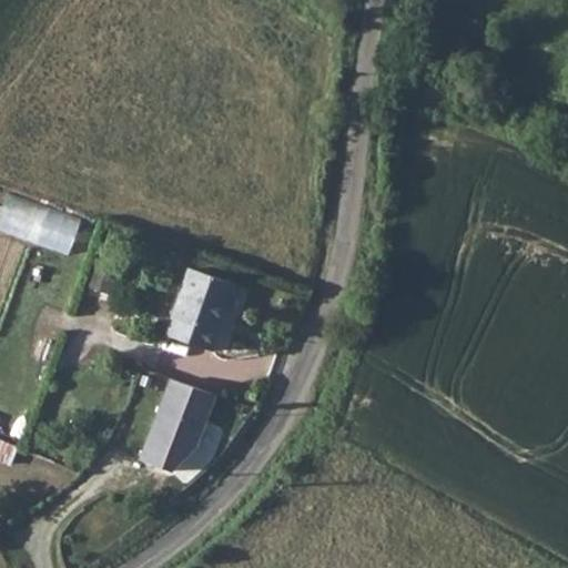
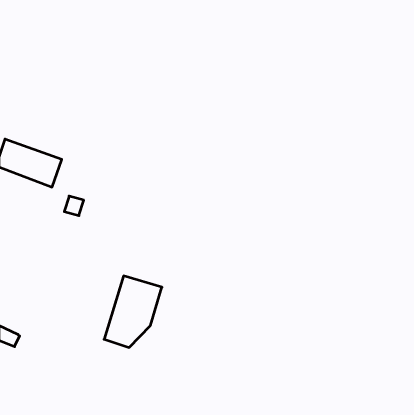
building: [163,272,232,352] -> none

